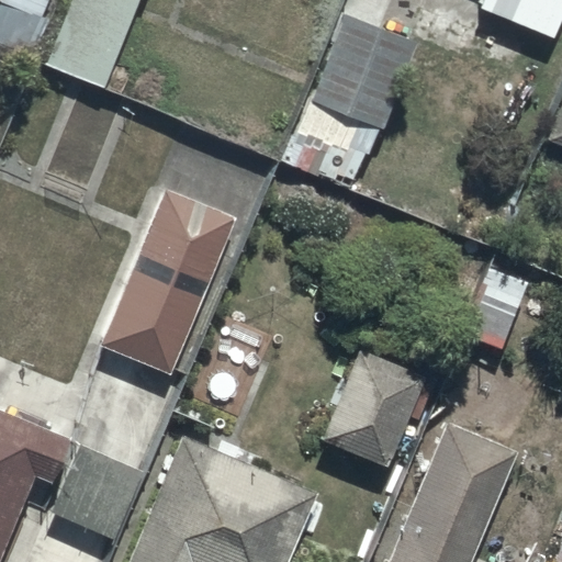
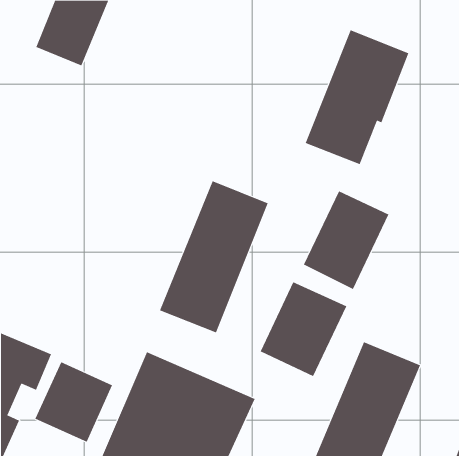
building: [290,14,416,178] -> [305,30,409,165]
building: [102,192,234,376] -> [159,181,268,333]
building: none -> [303,191,389,290]

